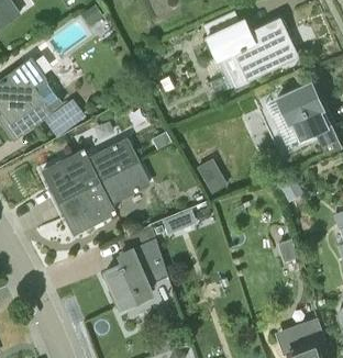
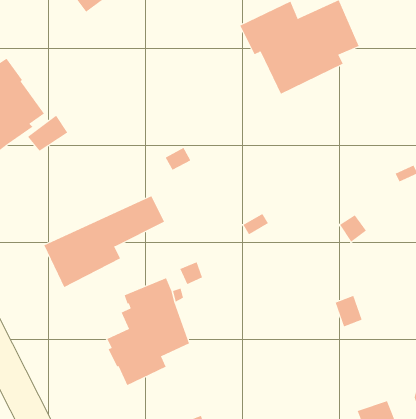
building: [254,82,333,160] -> none
building: [43,139,140,202] -> none

